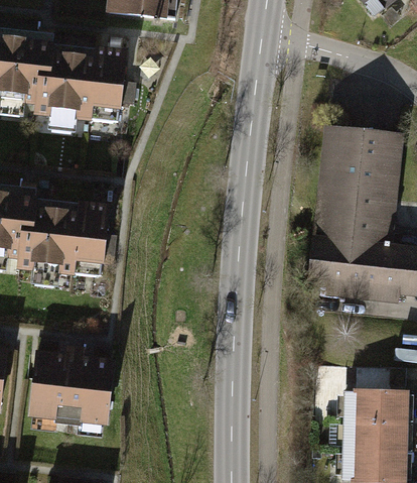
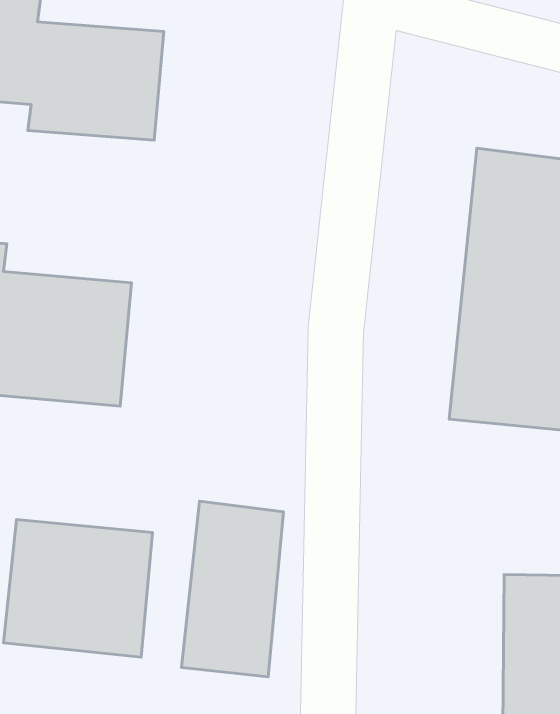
building: none -> [181,501,284,677]

